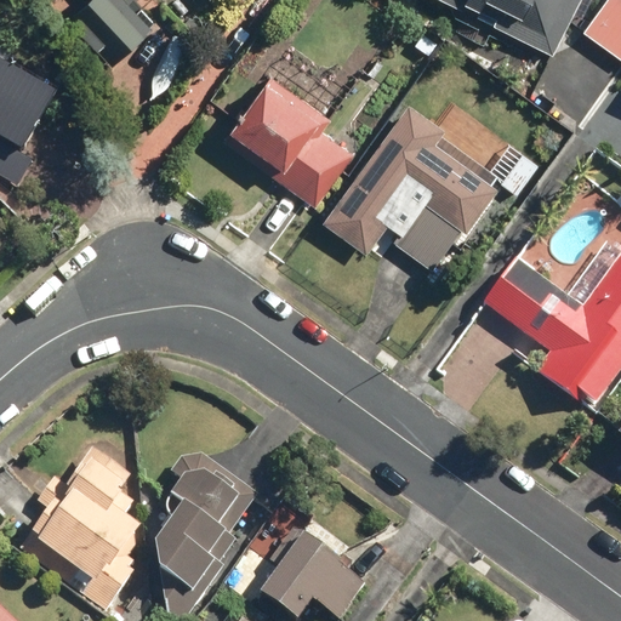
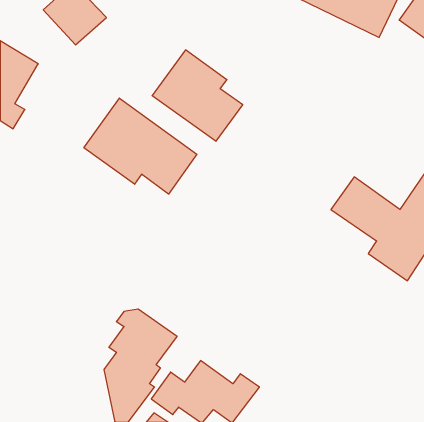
building: [323,101,500,269] -> none
building: none -> [84,98,197,194]
building: [19,445,141,609] -> none

